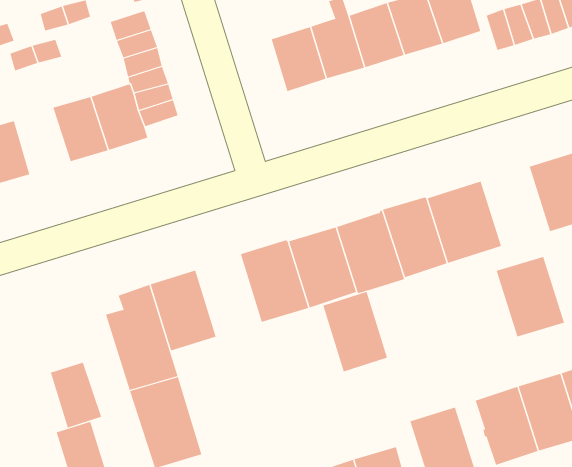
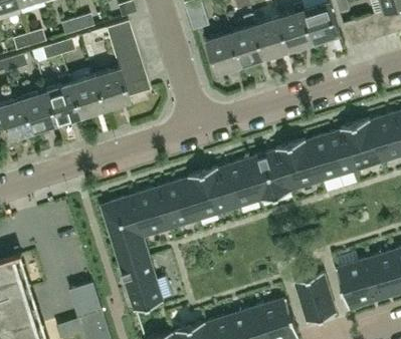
building: none -> [45,76,80,126]
building: [496,256,565,337] -> [340,120,383,172]
building: [323,291,388,372] -> [160,178,201,229]
building: [50,362,102,428] -> none

